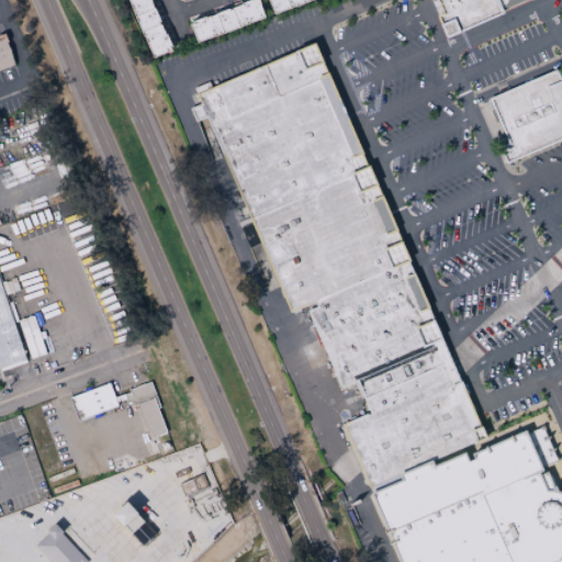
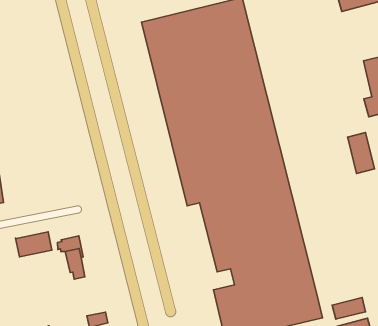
building: none -> [347,133,375,173]
building: none -> [332,298,366,319]

